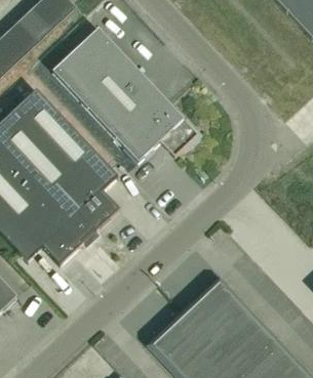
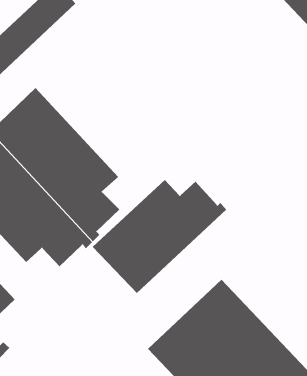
building: [51,27,198,162] -> none
building: none -> [92,179,227,294]

